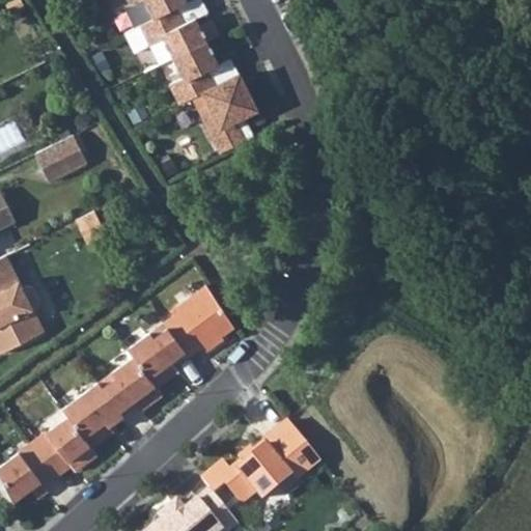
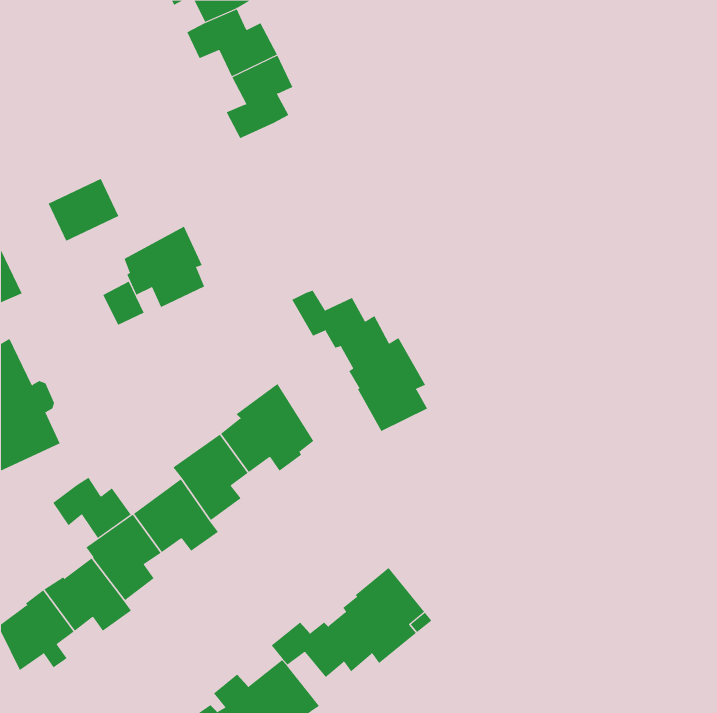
building: [199,77,254,156] -> none
building: none -> [124,226,205,308]
building: none -> [292,290,428,432]
building: none -> [53,477,131,539]

